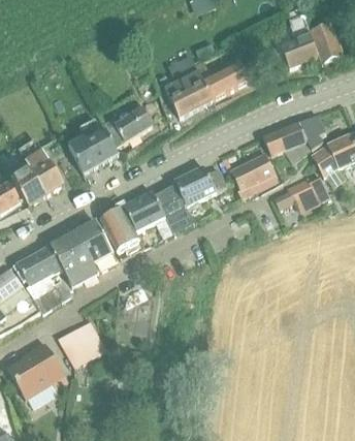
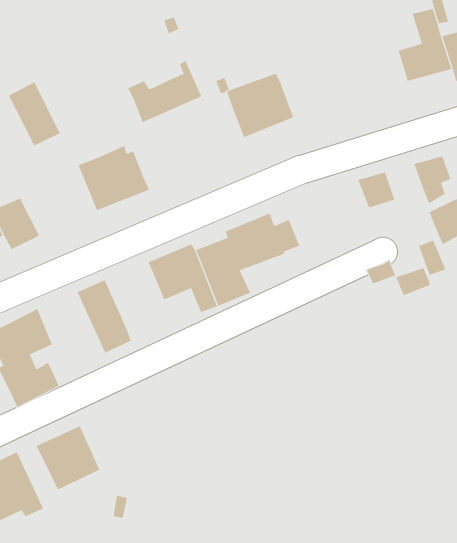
building: [199,62,249,97] -> none
building: [102,101,154,147] -> [127,60,202,123]
building: [280,122,311,159] -> none
building: [27,150,65,194] -> [8,81,61,146]
building: [230,152,275,197] -> none
building: [100,206,144,258] -> none
building: [51,230,99,285] -> none

